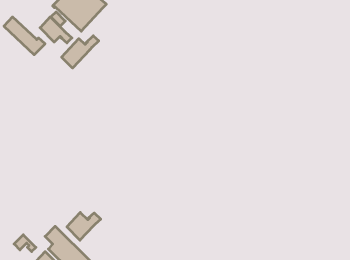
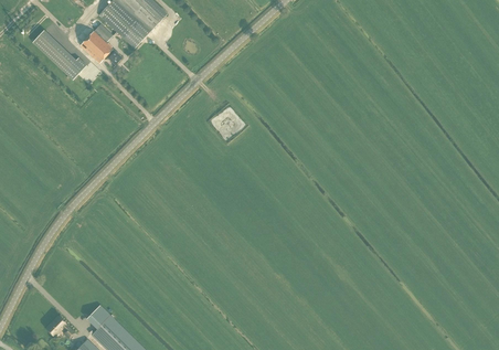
building: [62,36,99,68] -> none
building: [67,212,101,240] -> none

